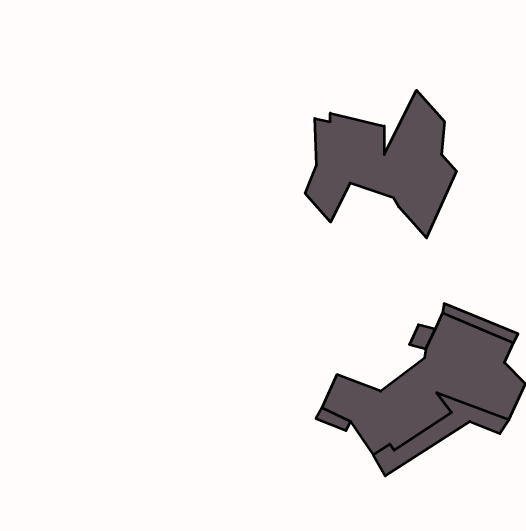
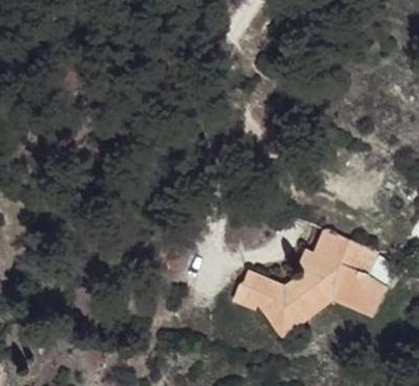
building: [305,90,456,238] -> none

